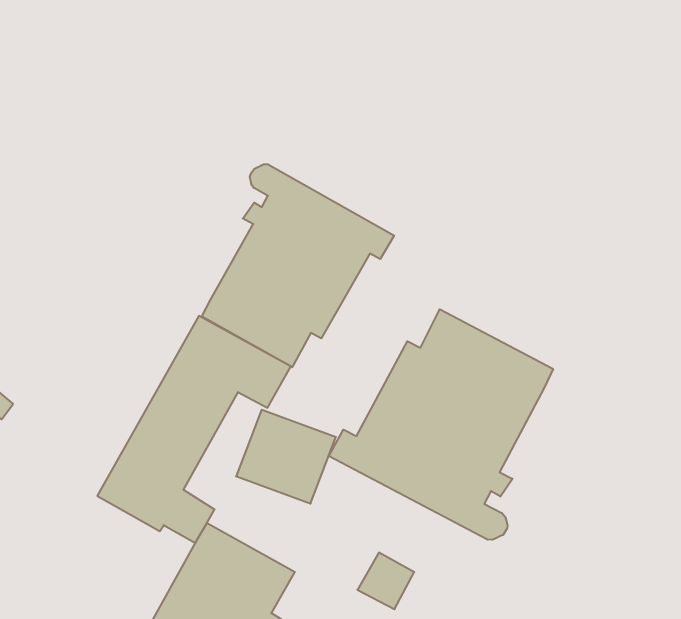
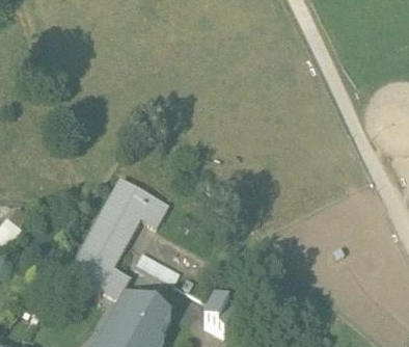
building: [202,164,394,367] -> none
building: [329,309,553,540] -> none

